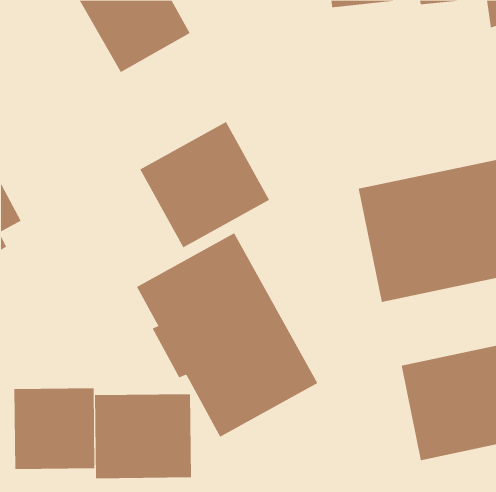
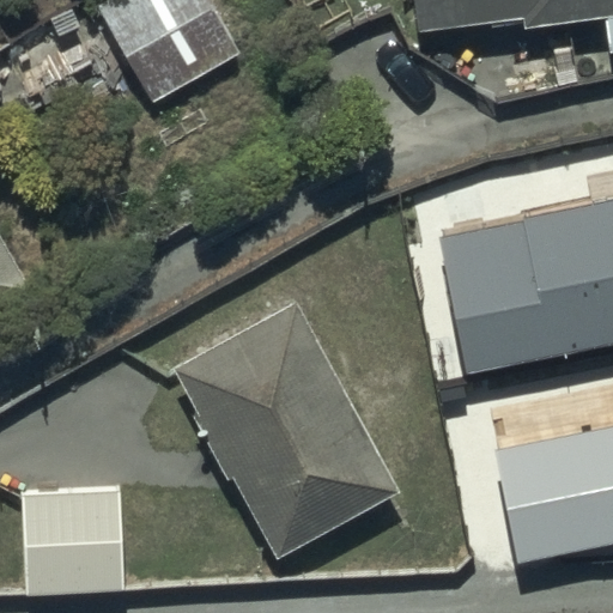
building: [140,121,270,248] -> none
building: [95,393,192,479] -> none

